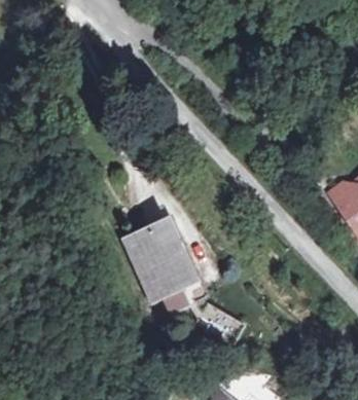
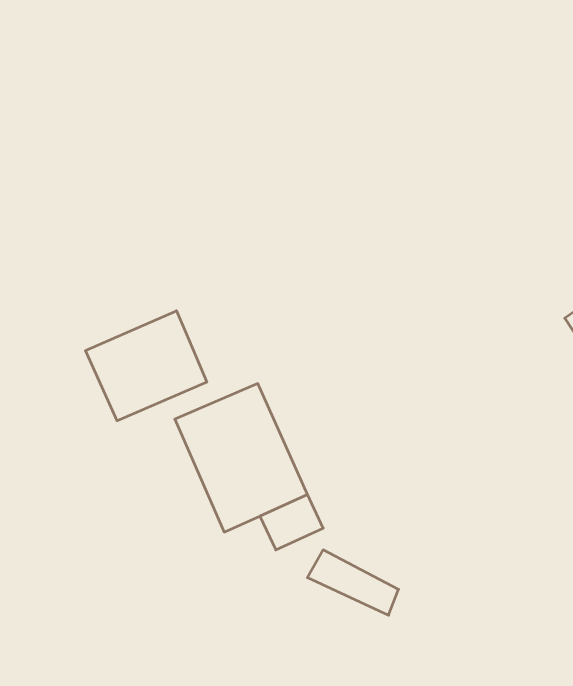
building: none -> [86,311,207,421]

